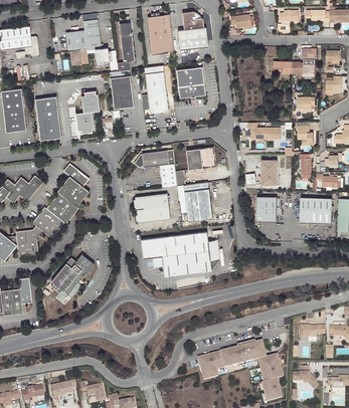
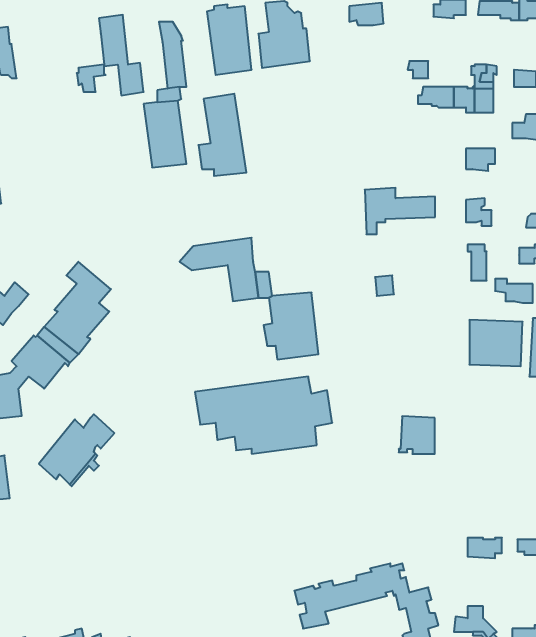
building: [65,30,86,50] -> none
building: [176,65,205,98] -> none
building: [74,91,99,135] -> none
building: [34,94,61,139] -> none
building: [186,147,215,170] -> none
building: [261,159,279,184] -> none
building: [135,193,170,223] -> none
building: [255,197,277,219] -> [399,416,435,454]

